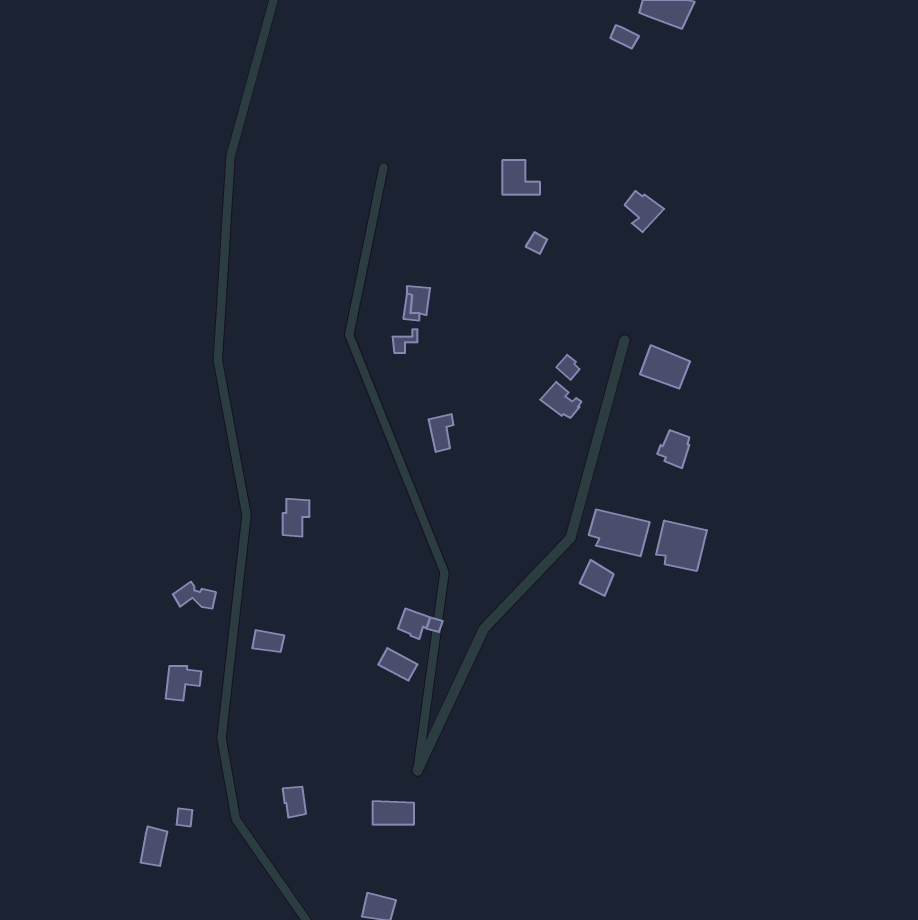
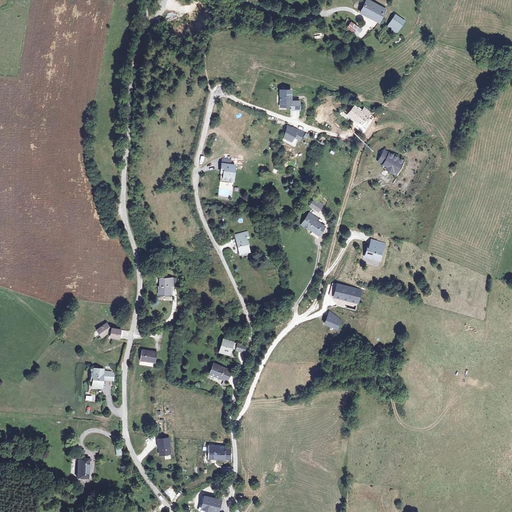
building: [640,345,690,389] -> [376,149,404,173]
building: [656,520,707,571] -> none

